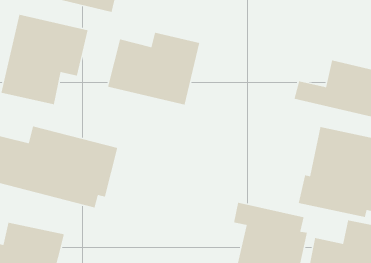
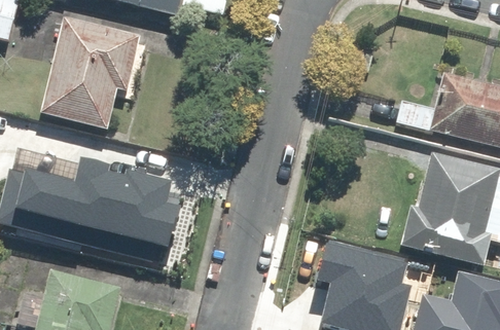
building: [107,32,200,105] -> none

